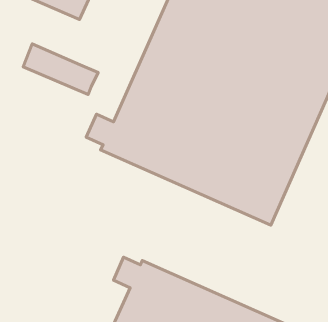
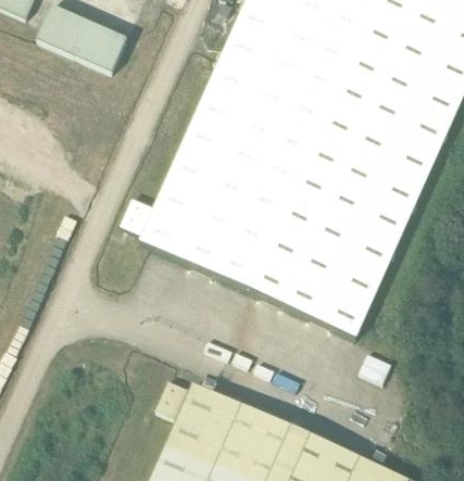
building: [23,44,98,95] -> none

